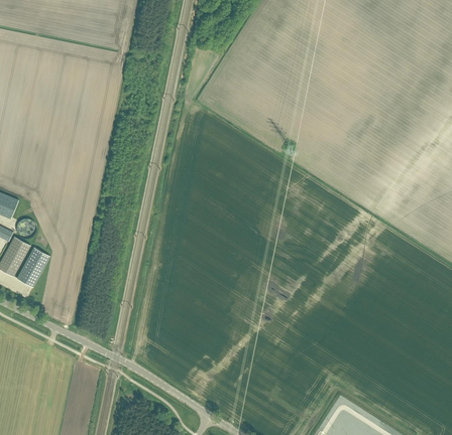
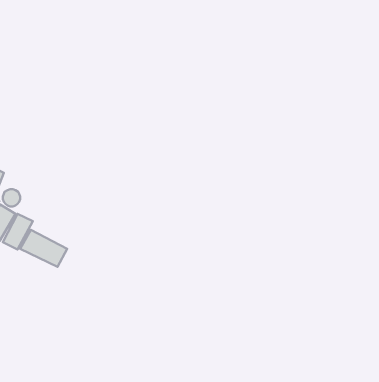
building: none -> [20,230,67,267]

